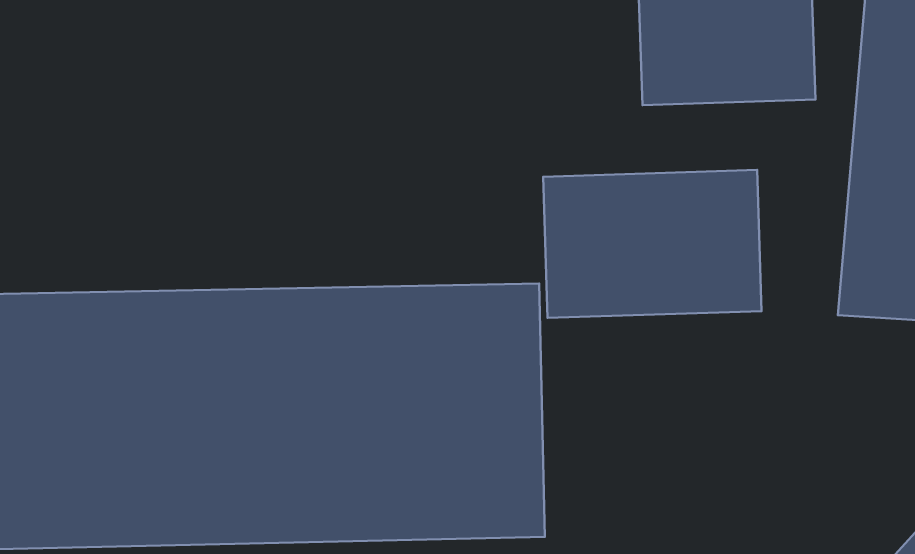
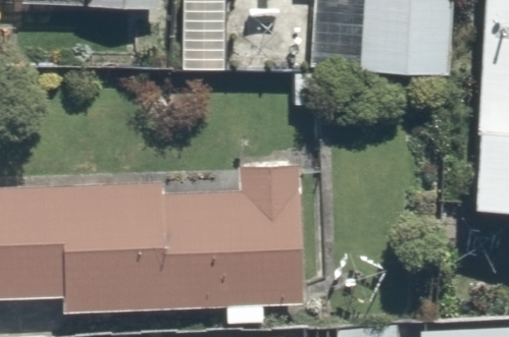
building: [543,170,762,318] -> none

